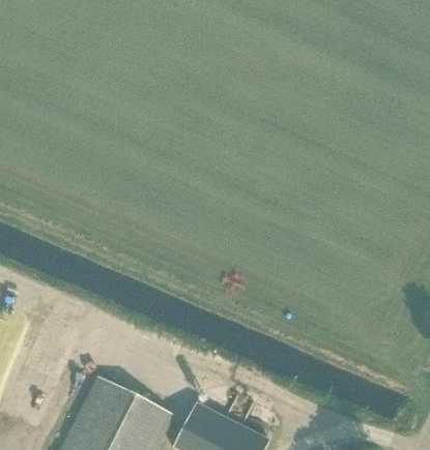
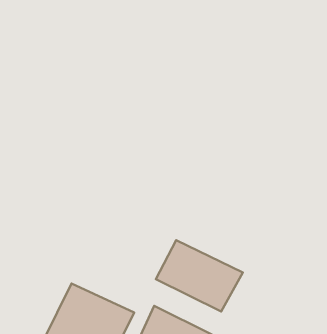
building: none -> [156,240,243,311]

